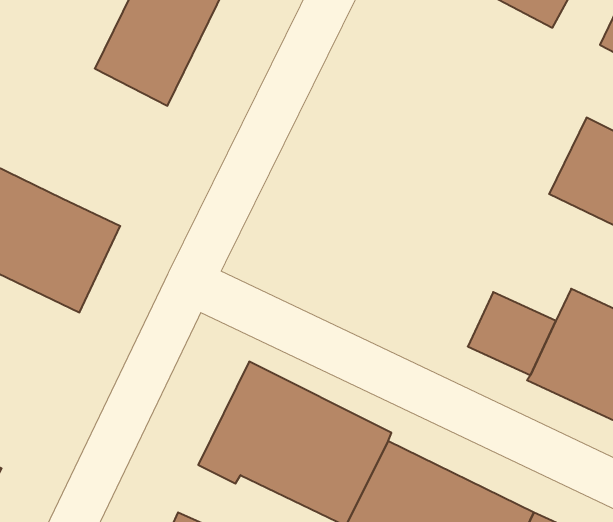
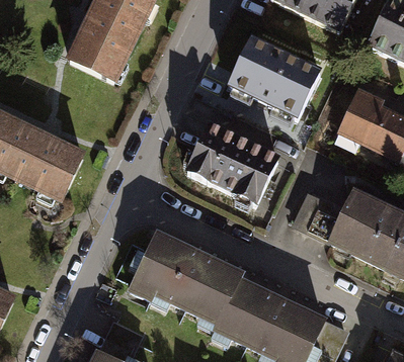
building: none -> [227,35,321,118]
building: none -> [182,120,279,205]

